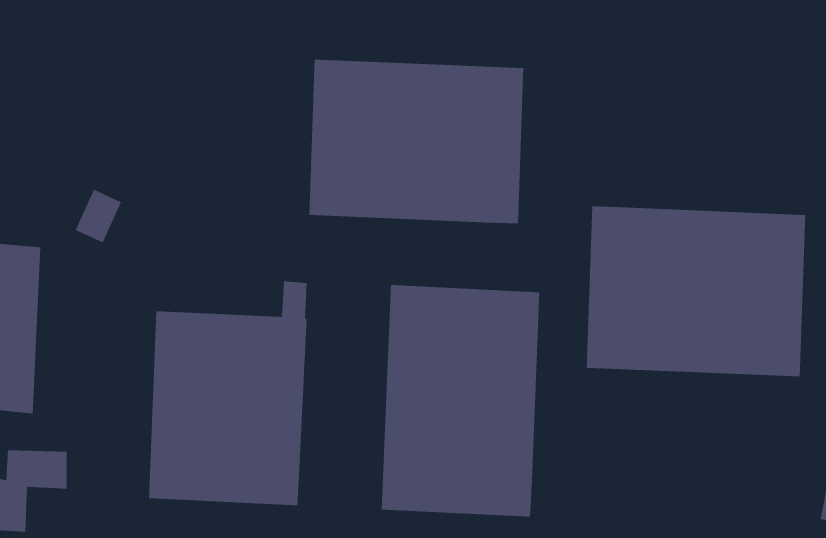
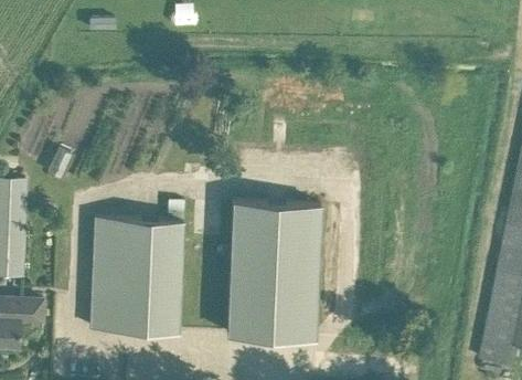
building: [309,59,524,224] -> none
building: [586,206,806,377] -> none

